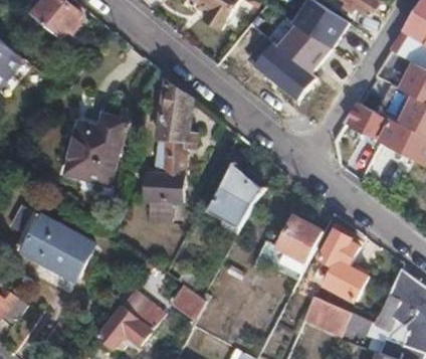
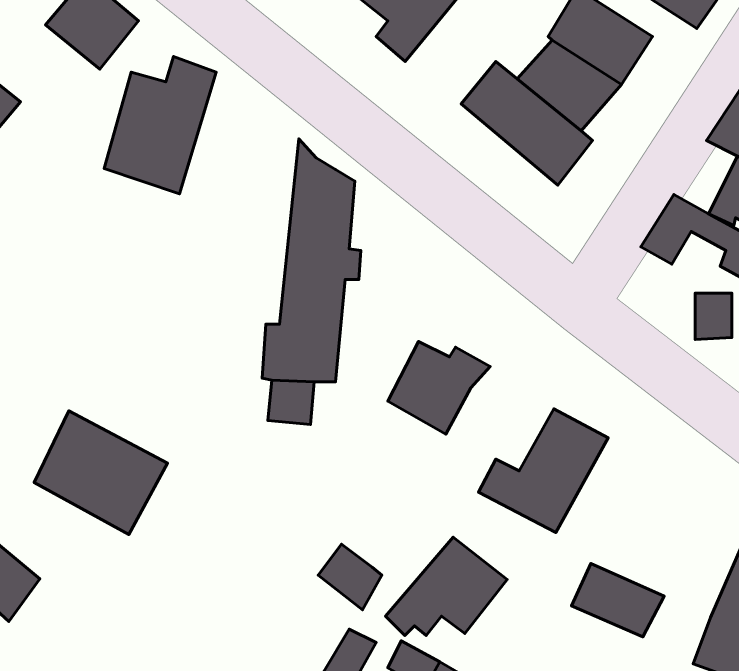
building: [66,113,125,184] -> [104,57,216,194]
building: [321,229,370,301] -> none
building: [99,295,163,346] -> [385,537,507,636]

